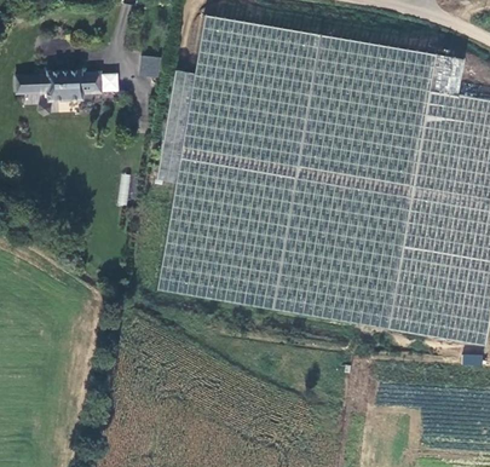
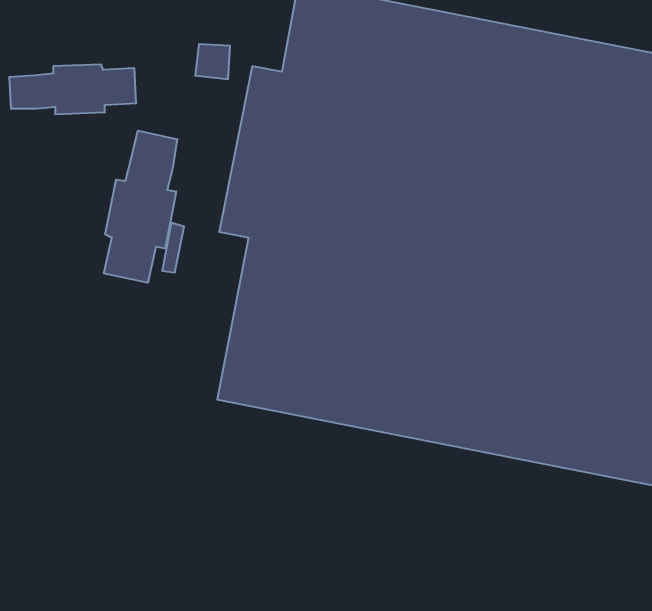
building: none -> [104,131,177,283]

